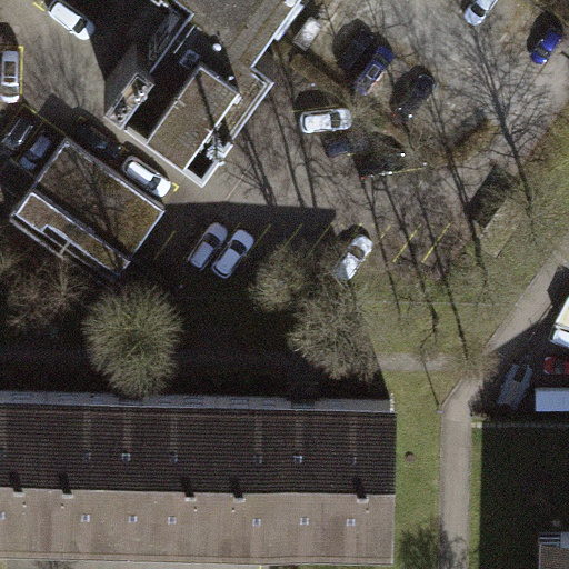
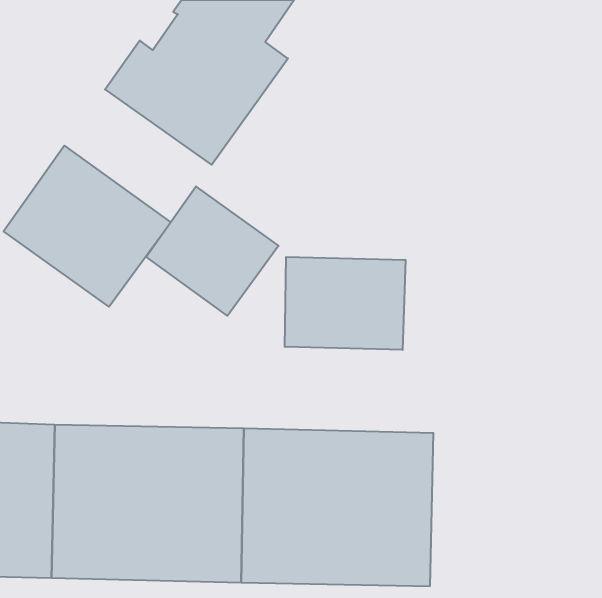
building: none -> [146,186,279,316]
building: none -> [285,257,405,350]

